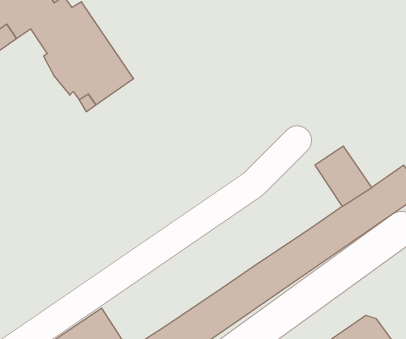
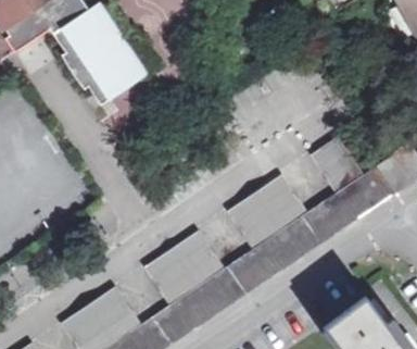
building: none -> [227,174,306,248]
building: none -> [143,230,223,304]

